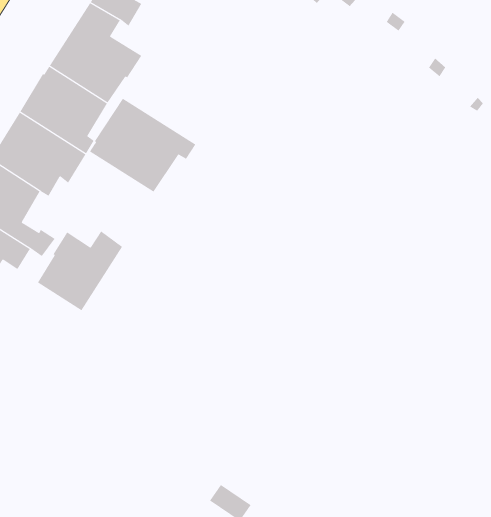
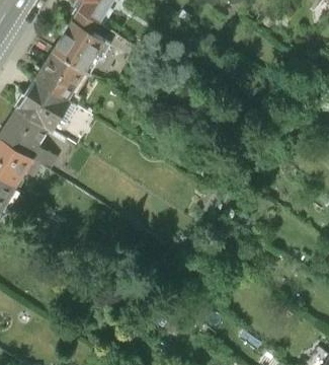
building: [89,98,196,192] -> none
building: [37,231,123,311] -> none

